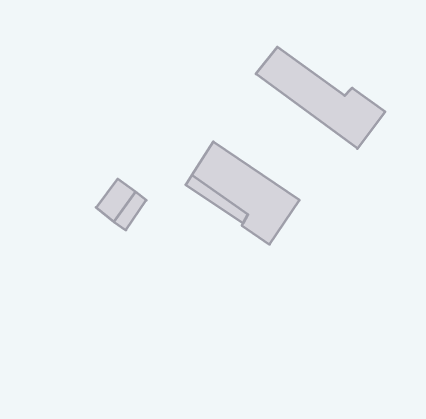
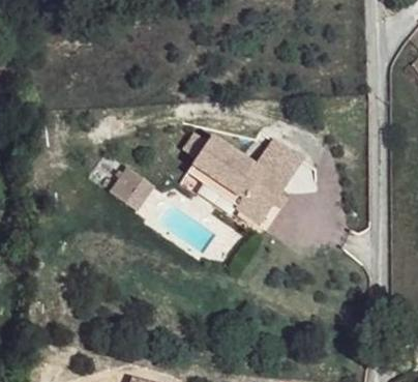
building: [256,47,385,149] -> none
building: none -> [261,143,303,184]

